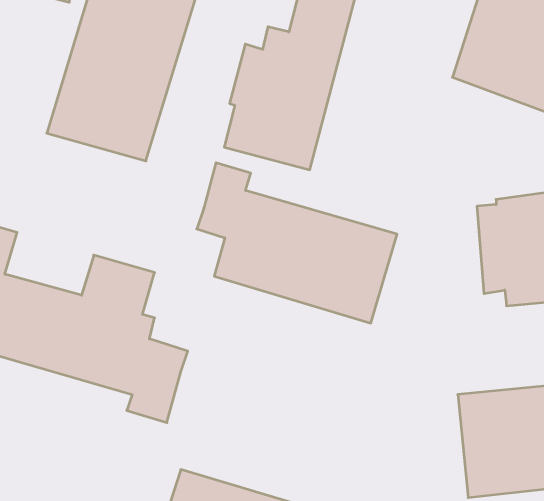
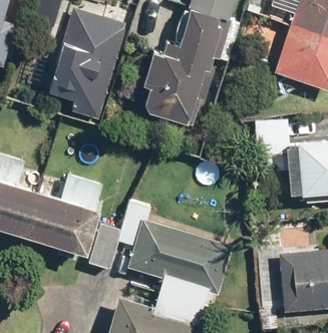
building: [197,163,397,323] -> [117,203,233,295]

